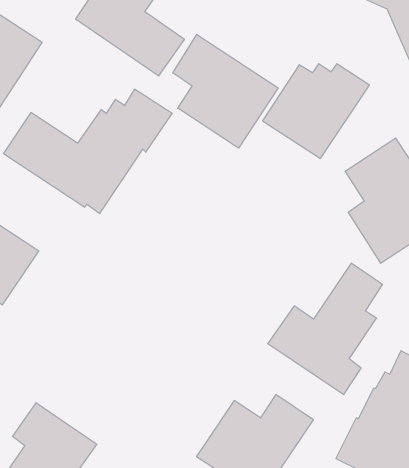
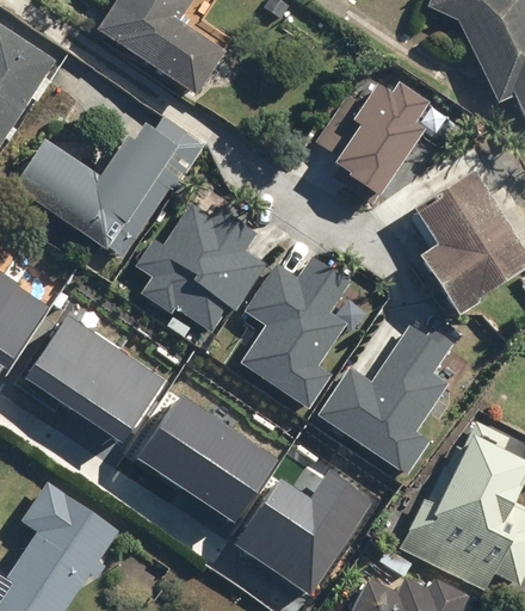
building: [173,34,278,148] -> none
building: none -> [141,204,267,329]
building: none -> [243,259,348,408]
building: none -> [27,316,165,442]
building: none -> [138,394,279,524]

